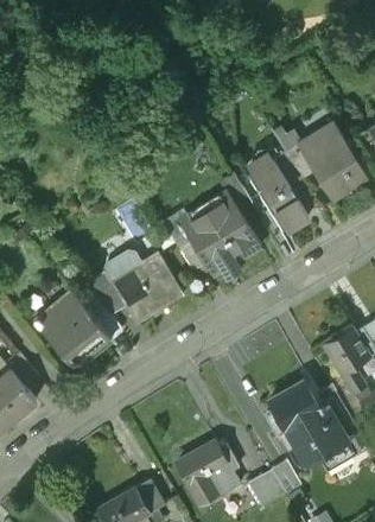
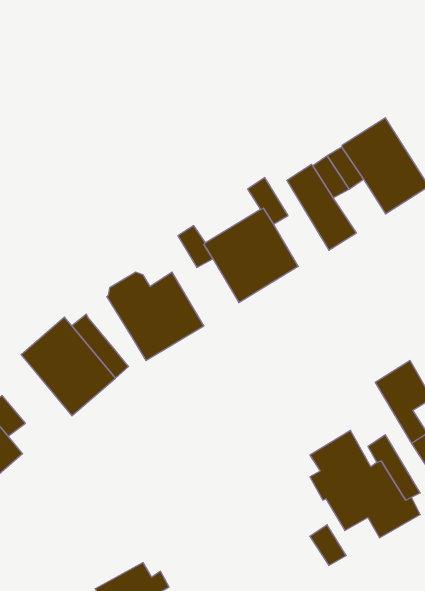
building: [85,272,126,316] -> none
building: [174,443,237,505] -> none
building: [247,467,286,507] -> none

